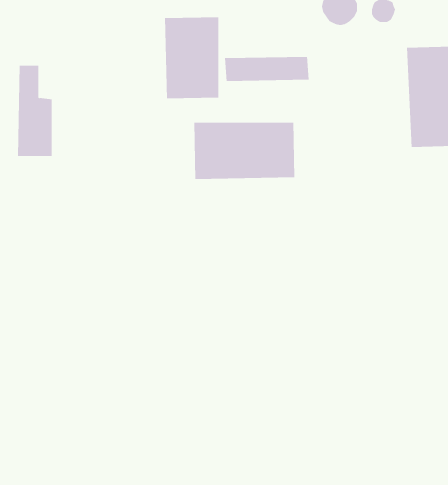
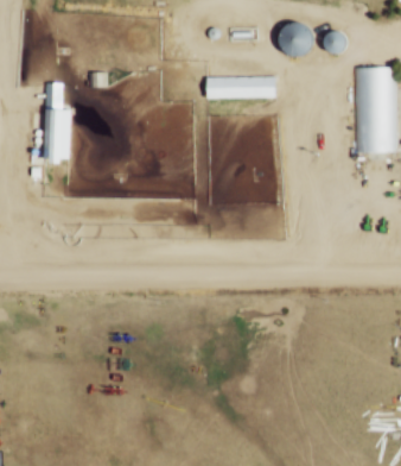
building: [165,16,219,99] -> none
building: [194,122,295,180] -> none

